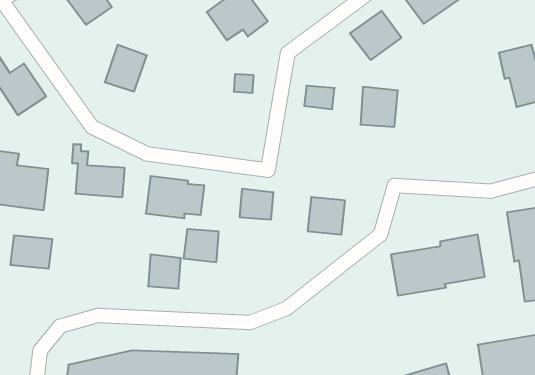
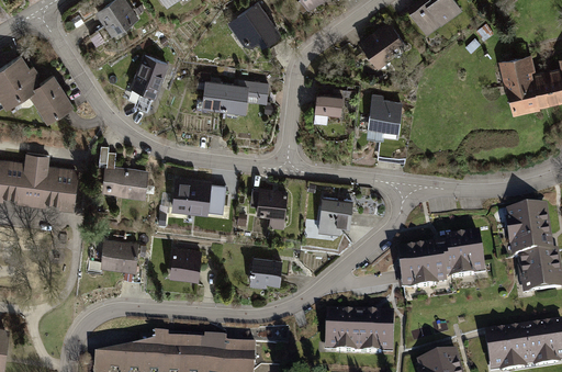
building: none -> [203,77,249,112]
building: [184,229,219,262] -> [249,259,282,290]
building: [10,236,52,268] -> [100,240,139,271]
building: none -> [321,313,390,353]

